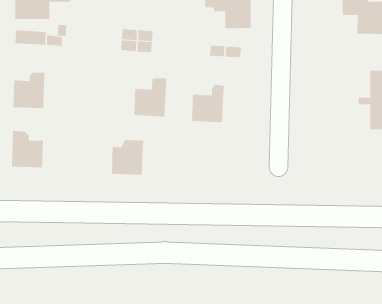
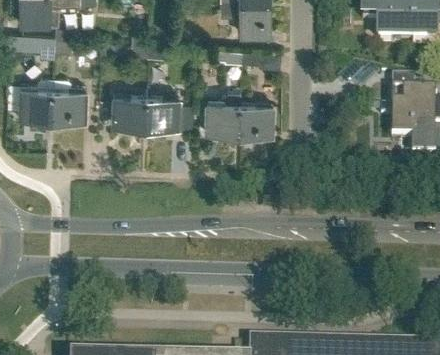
building: none -> [239,107,273,137]
building: [11,131,44,168] -> [53,83,87,122]
building: [111,140,145,175] -> [113,91,148,128]

